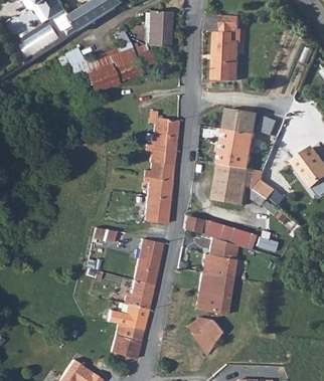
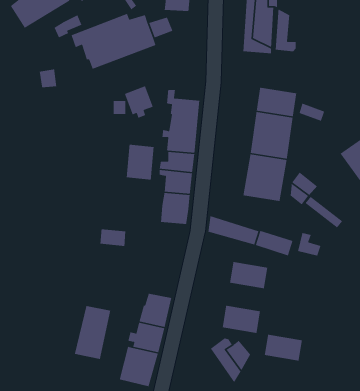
building: none -> [275,8,297,52]
building: none -> [124,85,154,119]
building: none -> [126,144,154,180]
building: [132,238,163,283] -> [74,305,111,360]
building: [198,271,230,295] -> [264,334,303,362]

